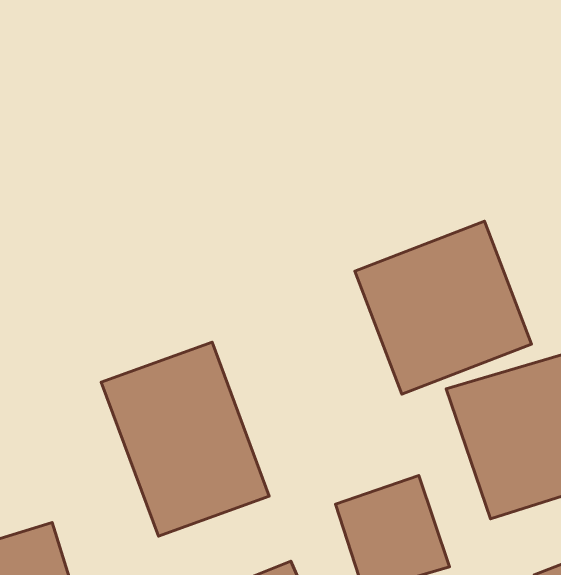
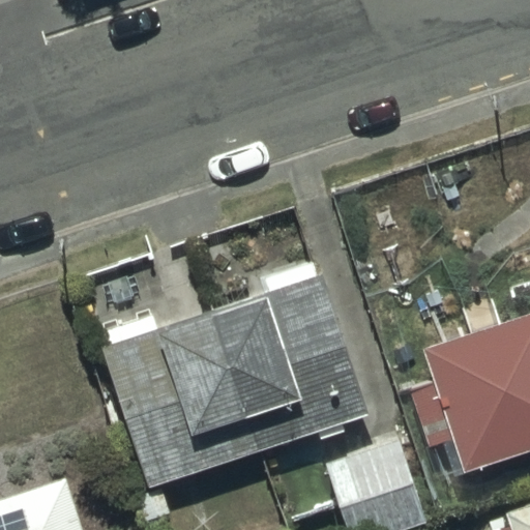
building: [355,221,531,394] -> none
building: none -> [215,274,366,451]

